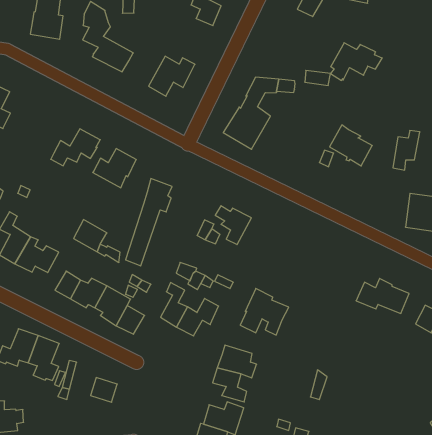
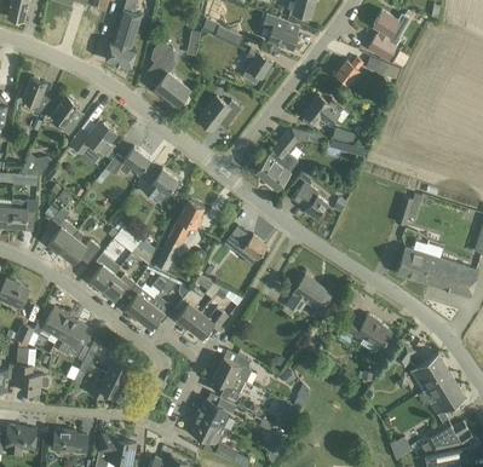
building: [331,43,382,80] -> [301,96,347,127]
building: none -> [70,120,115,162]
building: [330,125,372,166] -> [291,181,327,219]
building: [240,288,289,335] -> [286,275,329,317]
building: none -> [85,374,122,399]

